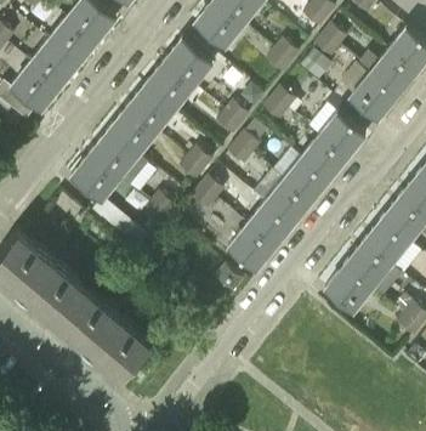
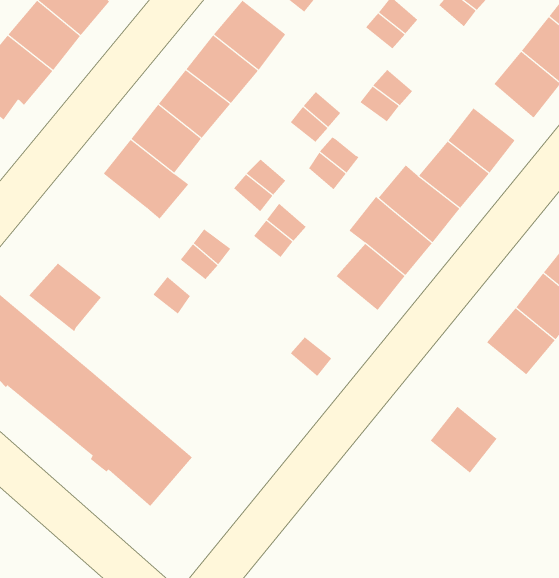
building: [72,155,120,202] -> [29,263,102,332]
building: [227,223,273,270] -> none
building: [326,267,371,312] -> [430,406,498,474]

